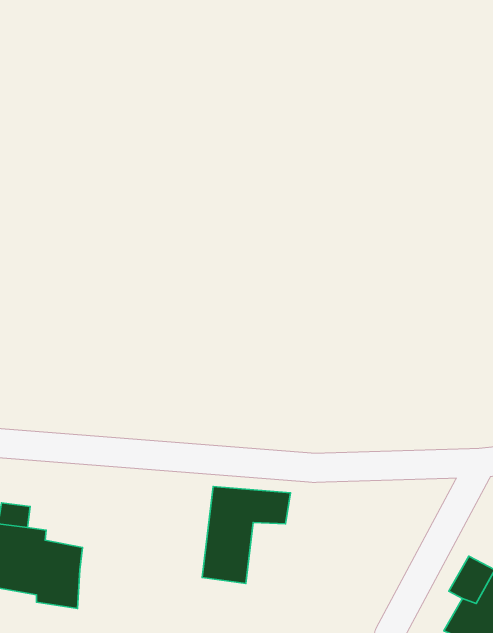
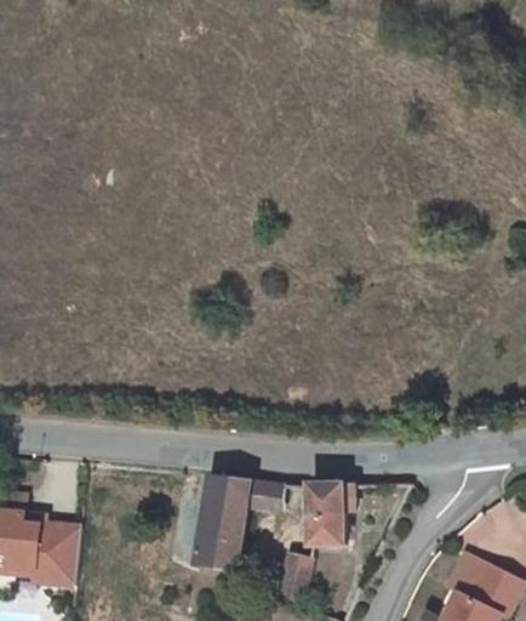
building: none -> [311,484,354,543]
building: none -> [279,549,310,605]

